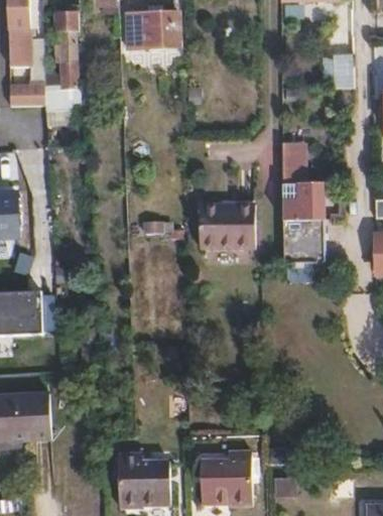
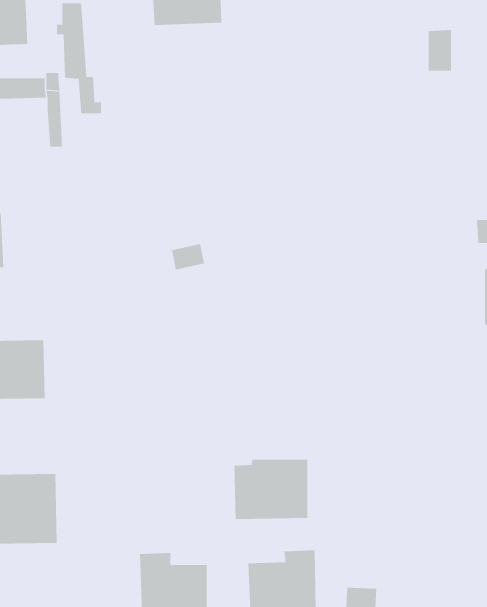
building: [281,141,323,262] -> none
building: [200,204,256,248] -> none
building: none -> [234,459,308,520]

